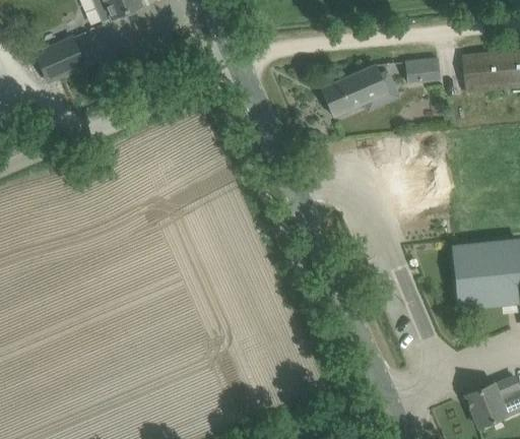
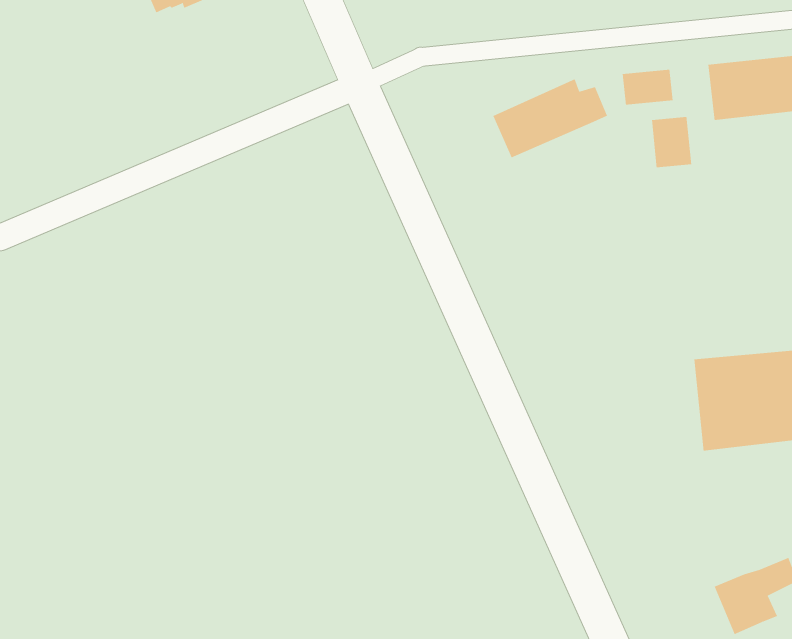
building: [36,37,85,82] -> none
building: none -> [651,116,692,168]

